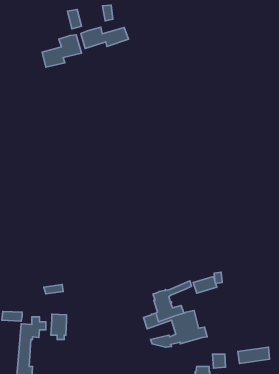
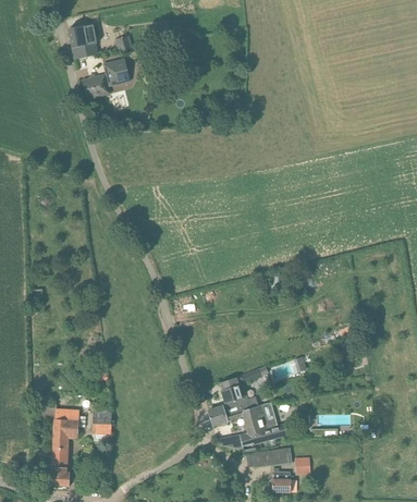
building: none -> [69,23,98,59]
building: [81,27,129,49] -> none
building: [238,347,269,364] -> [253,448,292,468]

